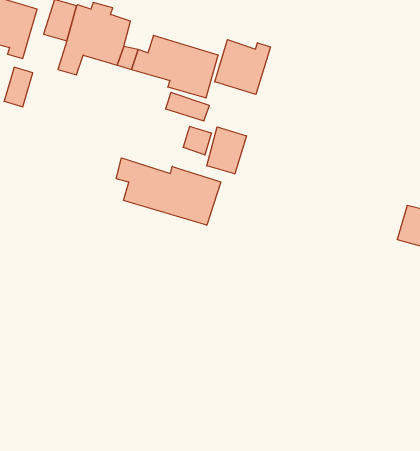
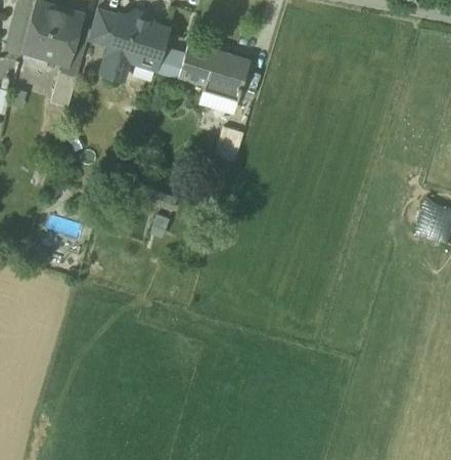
building: [215,40,271,94] -> none
building: [207,127,246,174] -> none
building: [116,158,221,225] -> none

